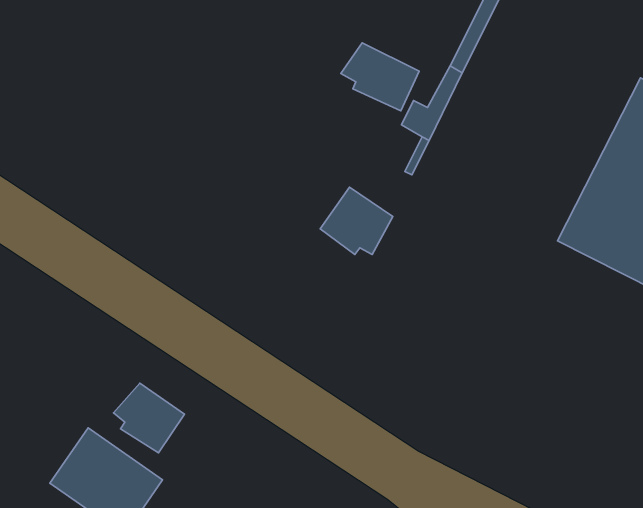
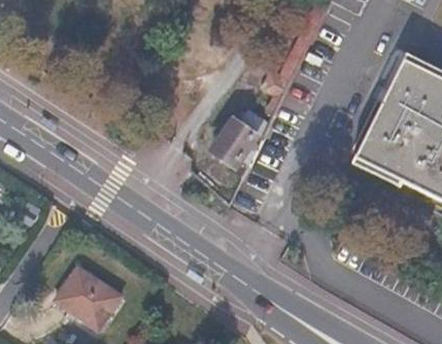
building: [341,43,419,111] -> none
building: [114,383,184,453] -> none

